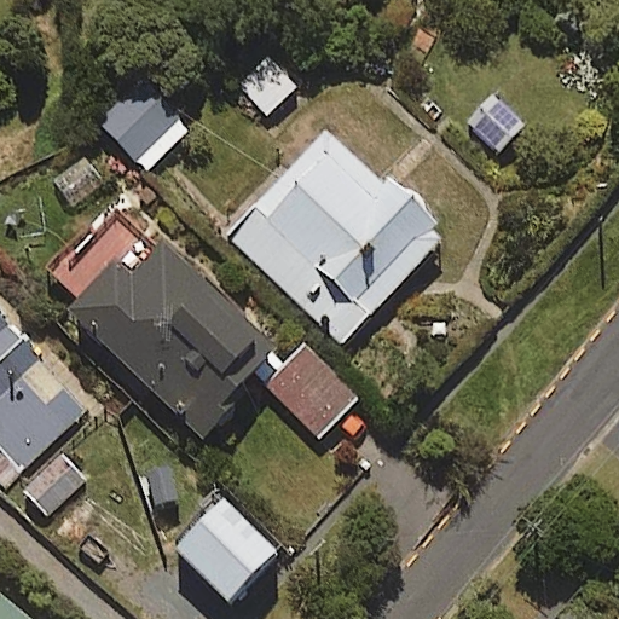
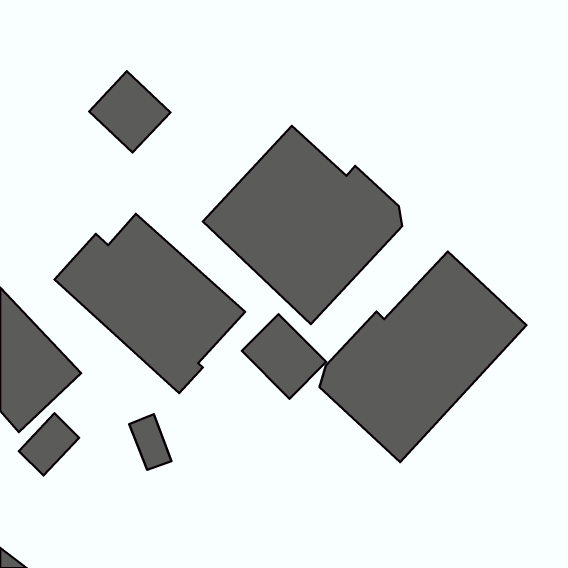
building: none -> [319,252,527,462]
building: [168,498,276,606] -> none

